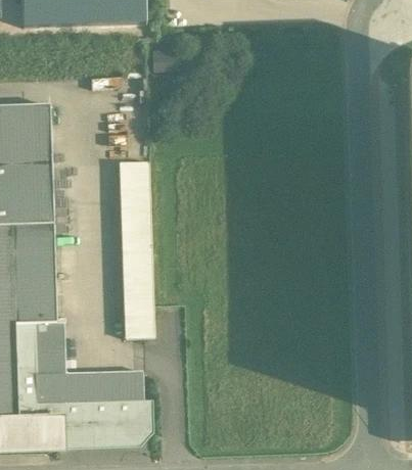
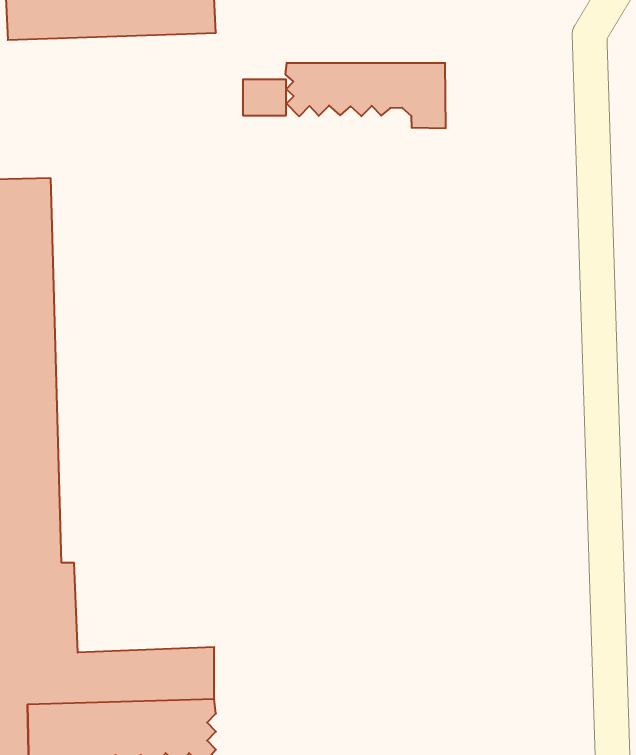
building: none -> [286,63,445,128]
building: [120,160,154,337] -> none

